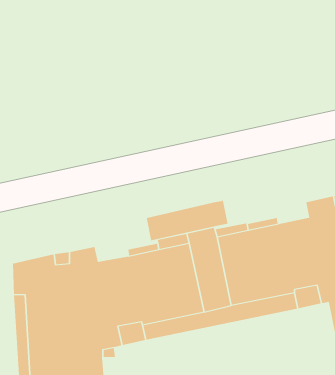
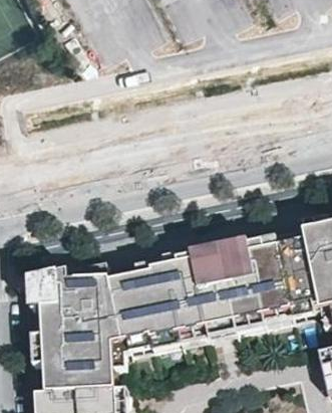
building: [146,200,228,241] -> none

